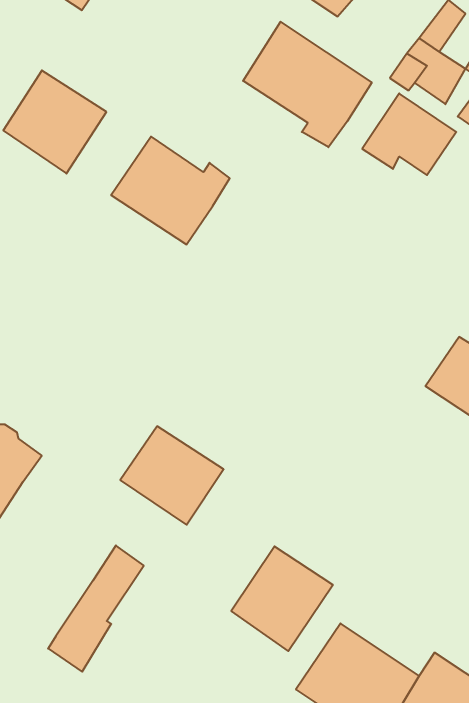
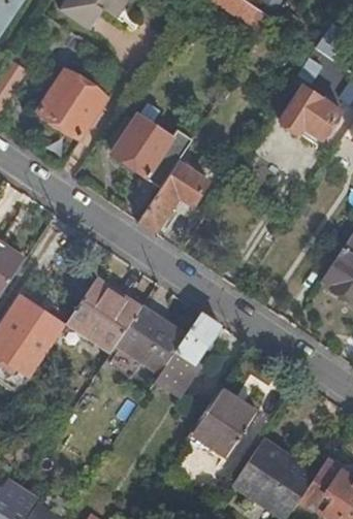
building: [243,22,372,147] -> none
building: none -> [137,160,208,233]
building: none -> [66,277,140,352]
building: [48,545,144,672] -> [155,313,219,397]

